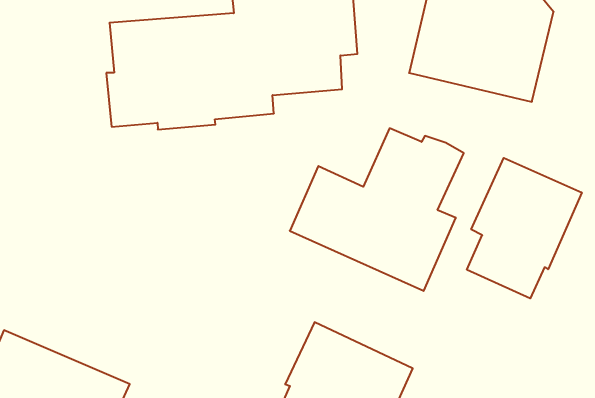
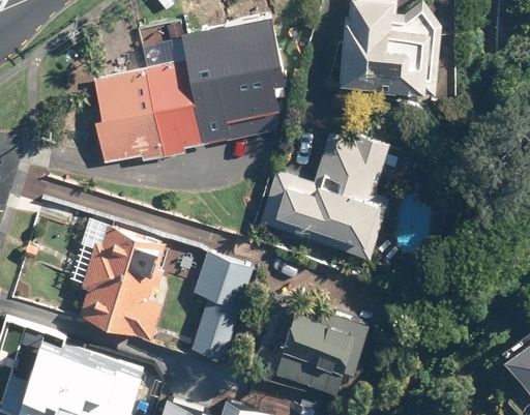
building: [467,158,582,298] -> none
building: none -> [80,227,165,337]
building: none -> [190,255,253,360]

